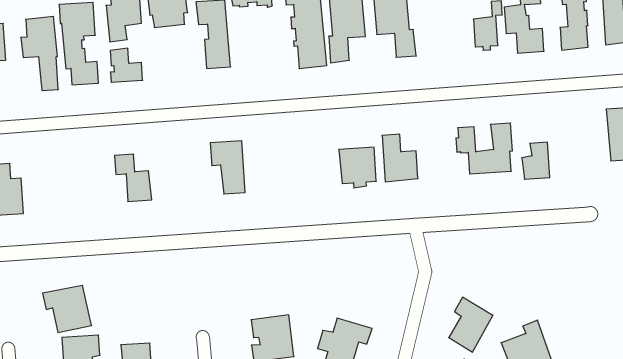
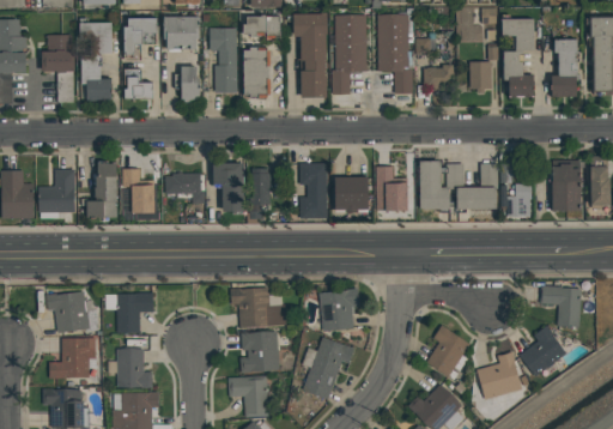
building: none -> [242,48,271,98]
building: none -> [423,65,453,91]
building: none -> [174,66,200,103]
building: none -> [551,161,579,211]
building: none -> [419,161,449,210]
building: none -> [298,163,327,219]
building: none -> [250,168,271,205]
building: none -> [87,162,117,218]
building: none -> [165,173,204,205]
building: none -> [38,169,74,212]
building: none -> [540,286,581,327]
building: none -> [318,289,359,332]
building: none -> [230,288,286,328]
building: none -> [116,294,153,333]
building: none -> [518,325,566,377]

